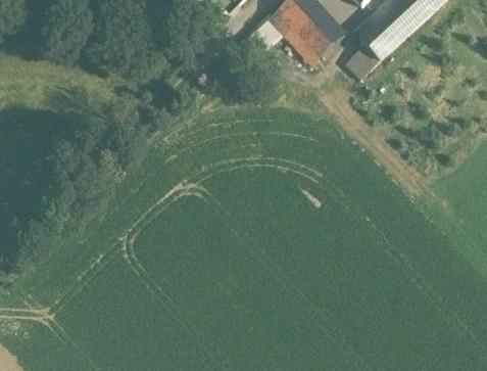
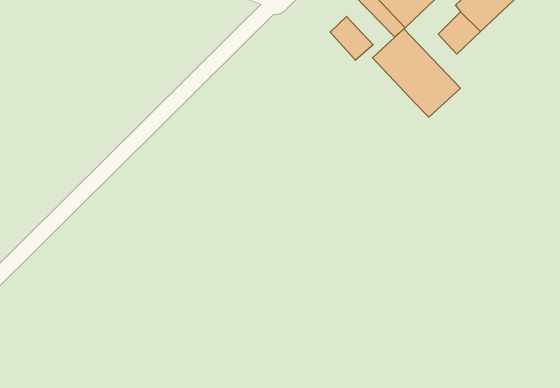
building: none -> [330,16,373,60]
building: none -> [372,29,460,117]

